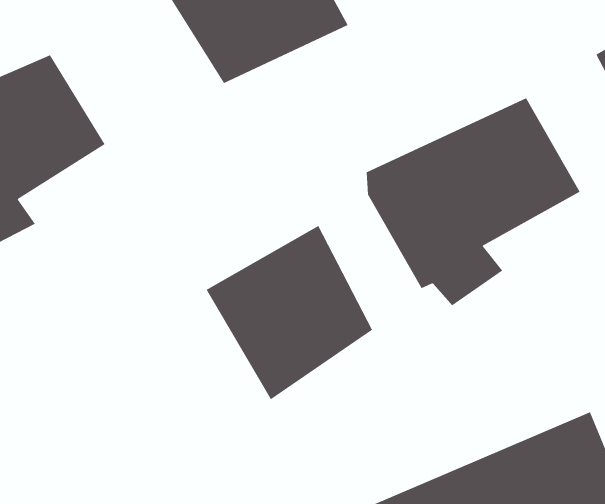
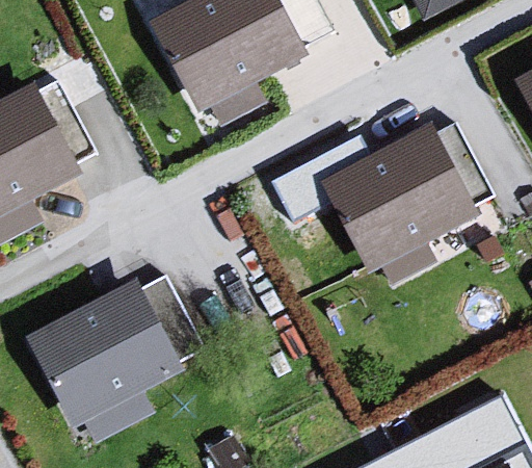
building: [206,225,373,400] -> none
building: none -> [25,282,203,453]

